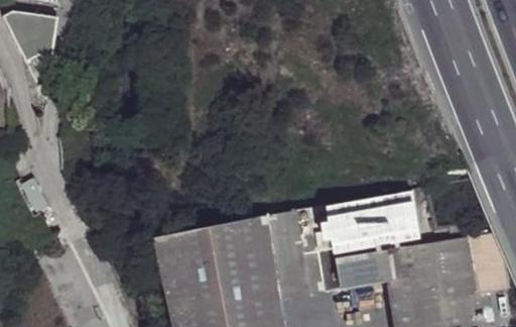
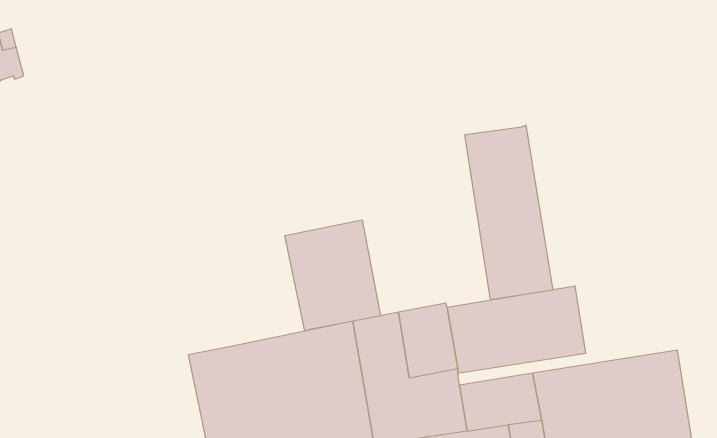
building: none -> [465,125,553,300]
building: none -> [285,220,381,331]

